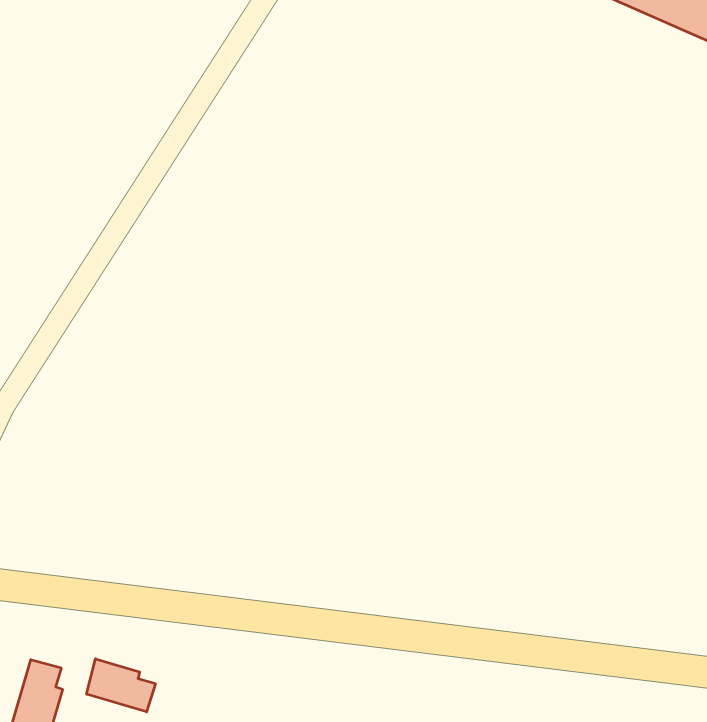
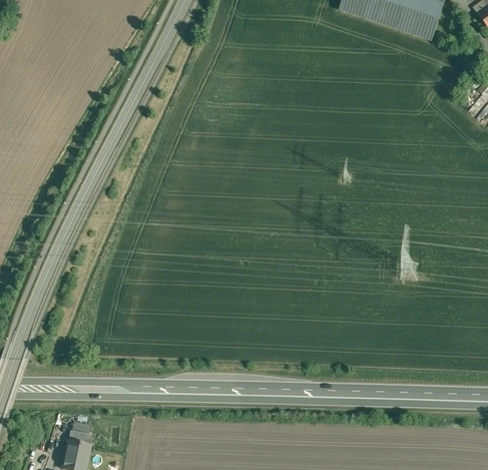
building: [87,659,155,712] -> none

